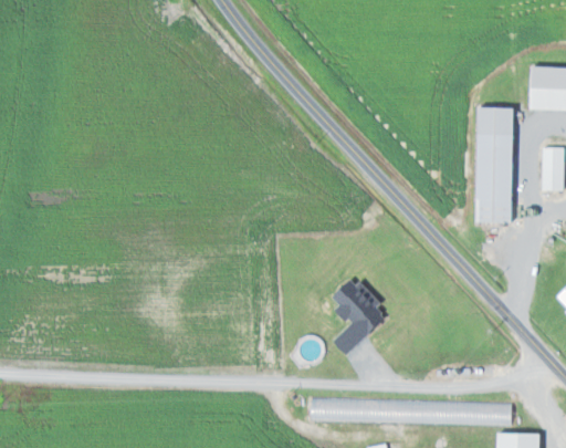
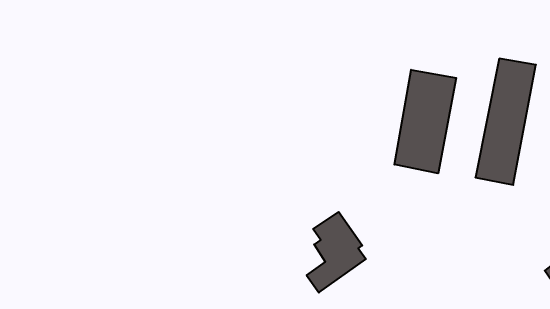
building: none -> [394,70,456,173]

